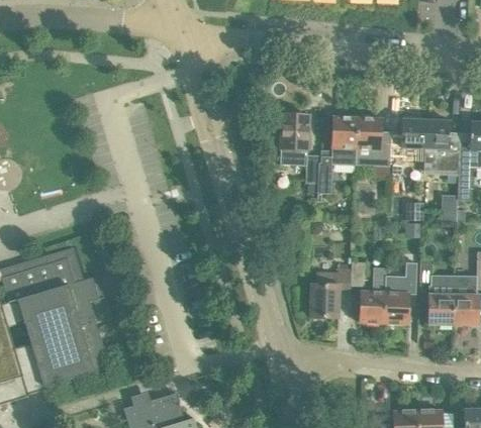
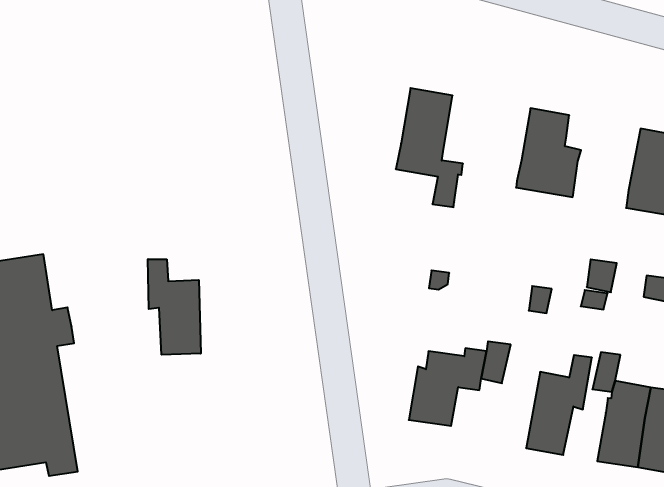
building: [401,114,426,156] -> none
building: [317,115,358,192] -> none
building: none -> [148,259,201,355]
building: [359,266,386,322] -> none

